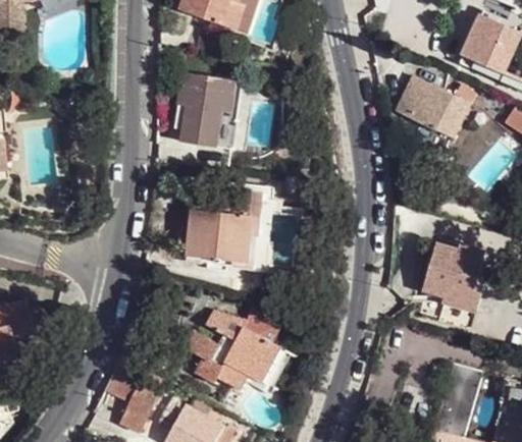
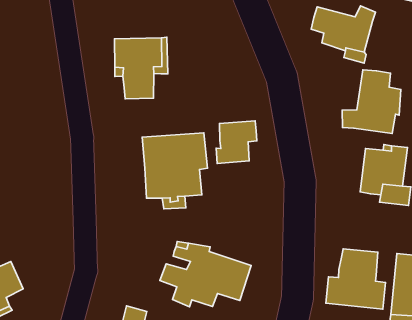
building: none -> [342,70,401,133]
building: none -> [216,121,257,163]
building: none -> [326,249,386,309]

